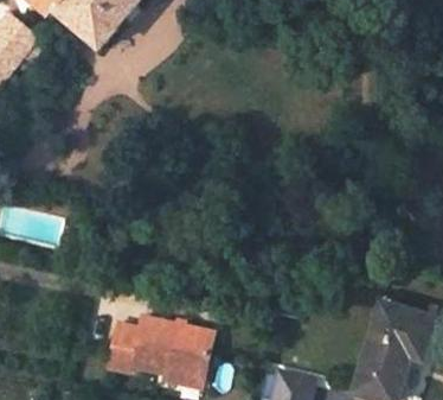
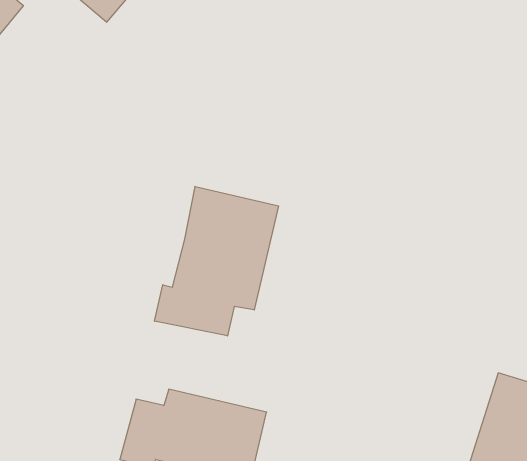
building: none -> [155,186,278,336]

